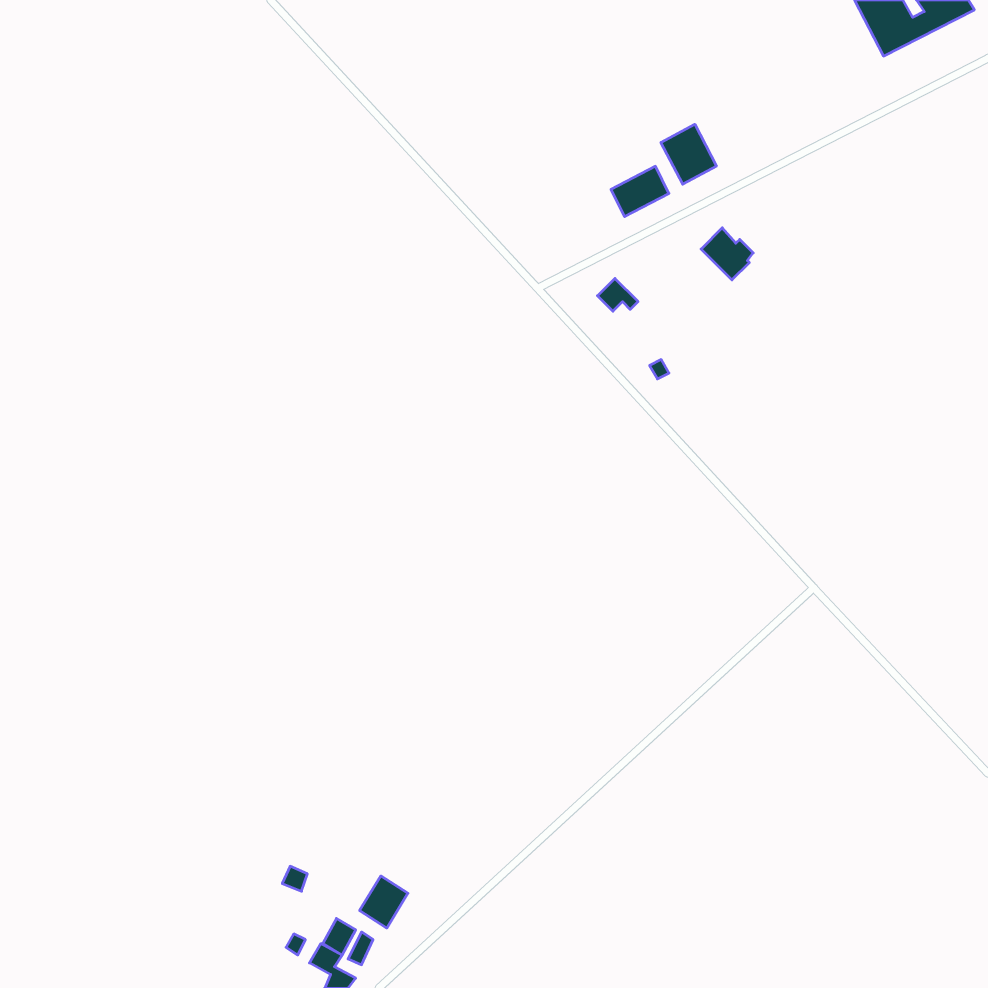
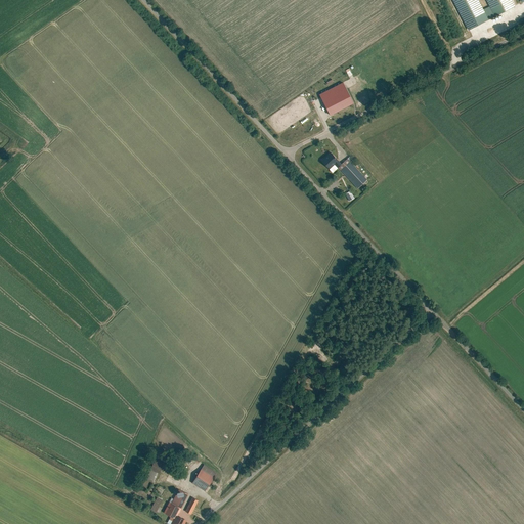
building: [661,124,716,184] -> none
building: [701,228,753,280] -> [337,158,364,185]

